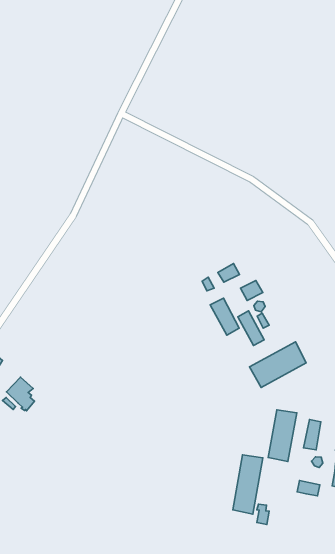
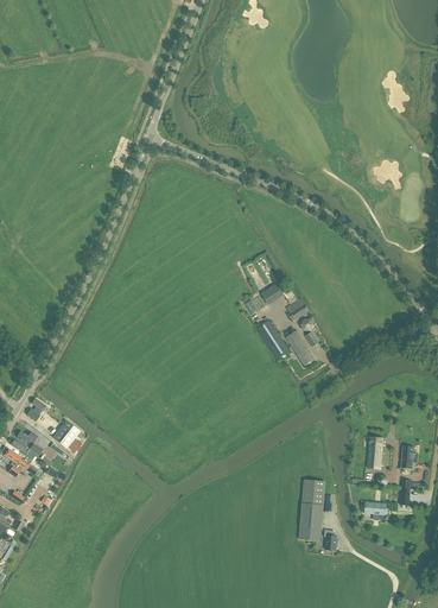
building: [249,342,306,387] -> none
building: [268,410,297,461] -> none

